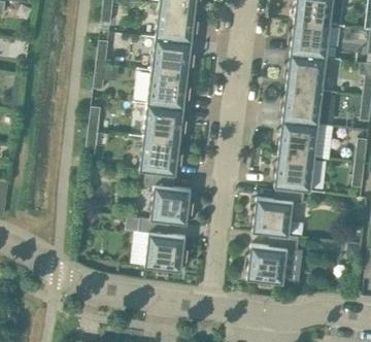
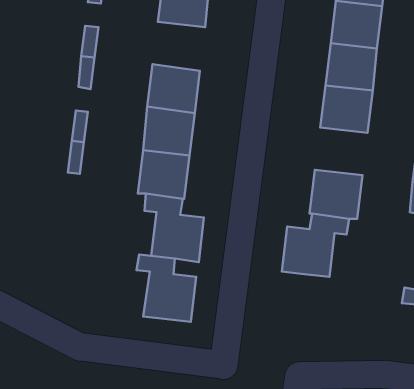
building: [151,37,193,75] -> none
building: [278,119,319,157] -> none
building: [247,234,299,283] -> none

